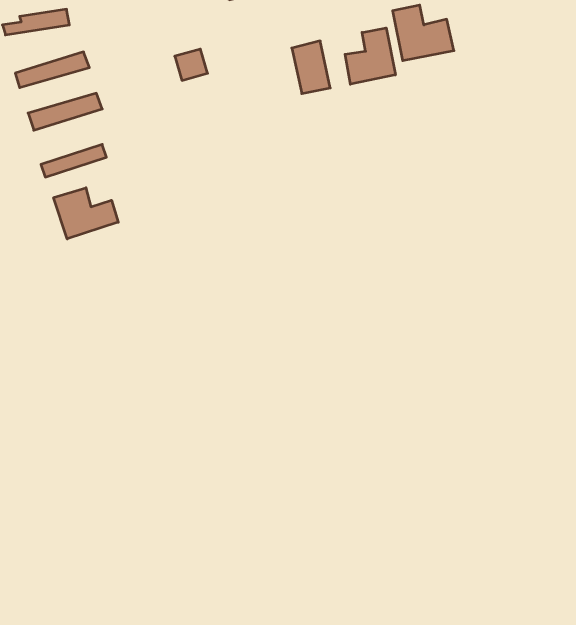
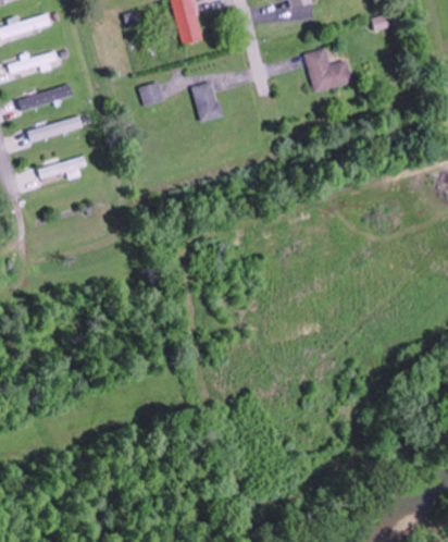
building: [345,28,395,84] -> none
building: [292,41,330,94] -> [191,82,221,122]
building: [54,188,118,239] -> none

